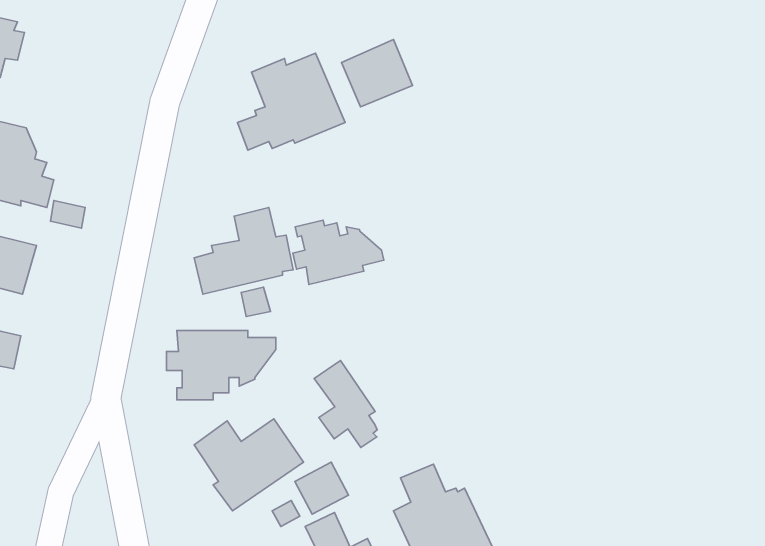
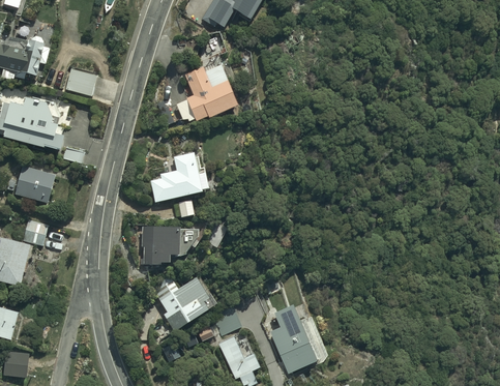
building: [341,40,413,107] -> none
building: none -> [64,68,95,96]
building: [293,220,384,284] -> none
building: [314,360,377,447] -> none

